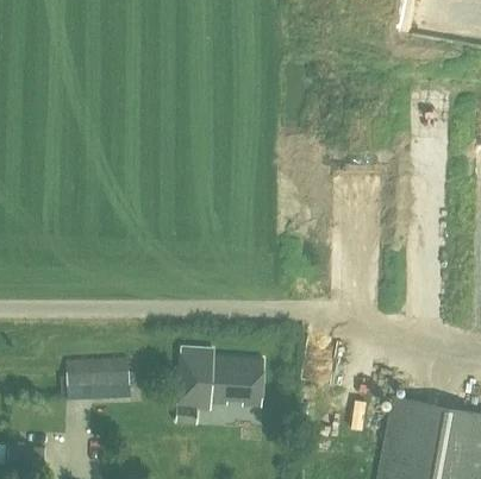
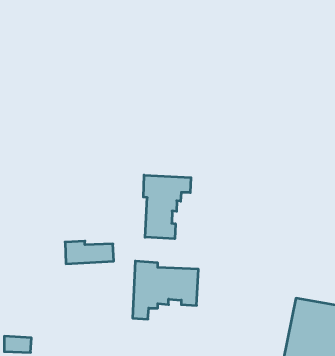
building: none -> [143,175,191,239]
building: [65,370,130,399] -> [65,241,114,264]

